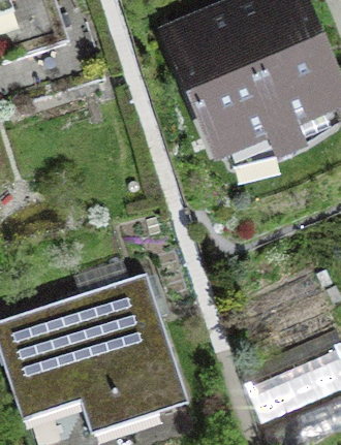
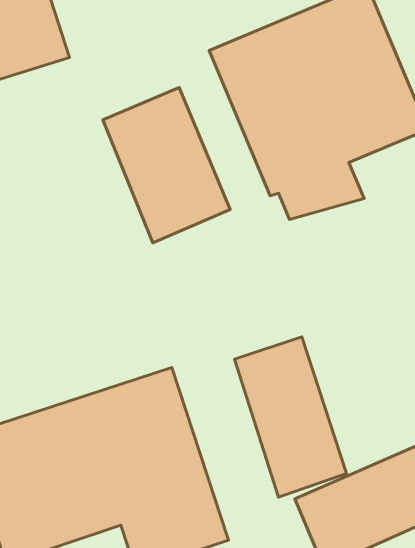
building: none -> [103,88,230,243]
building: none -> [235,337,347,497]

